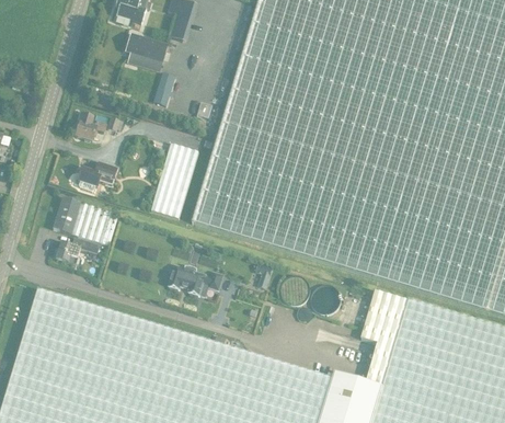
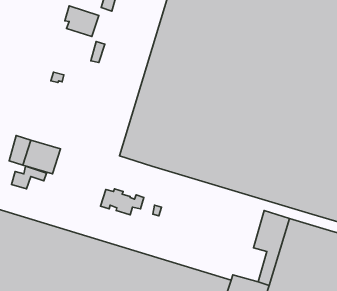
building: [77,113,106,140] -> none
building: [152,144,199,218] -> none
building: [79,162,117,186] -> none

